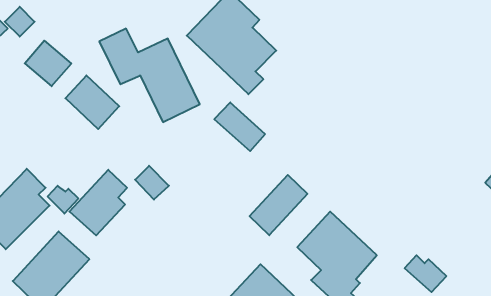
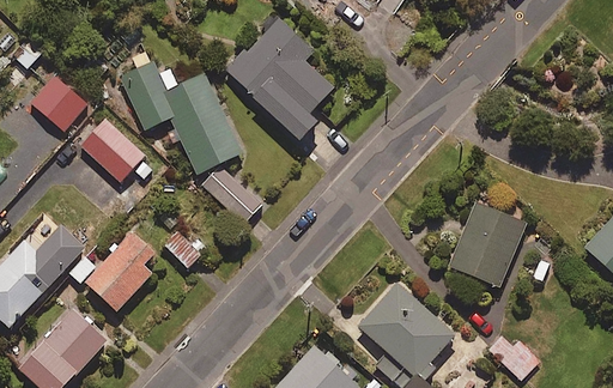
building: [214,102,265,151] -> [201,163,262,222]
building: none -> [449,200,527,286]
building: [250,175,307,235] -> none

